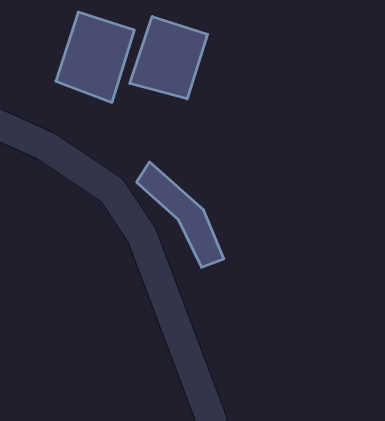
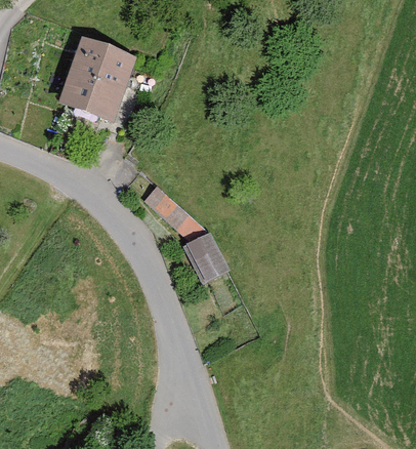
building: [130,16,208,99] -> none

